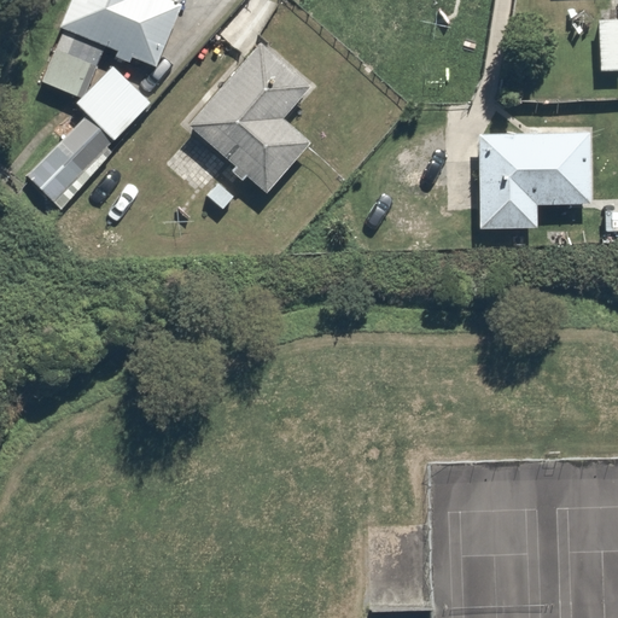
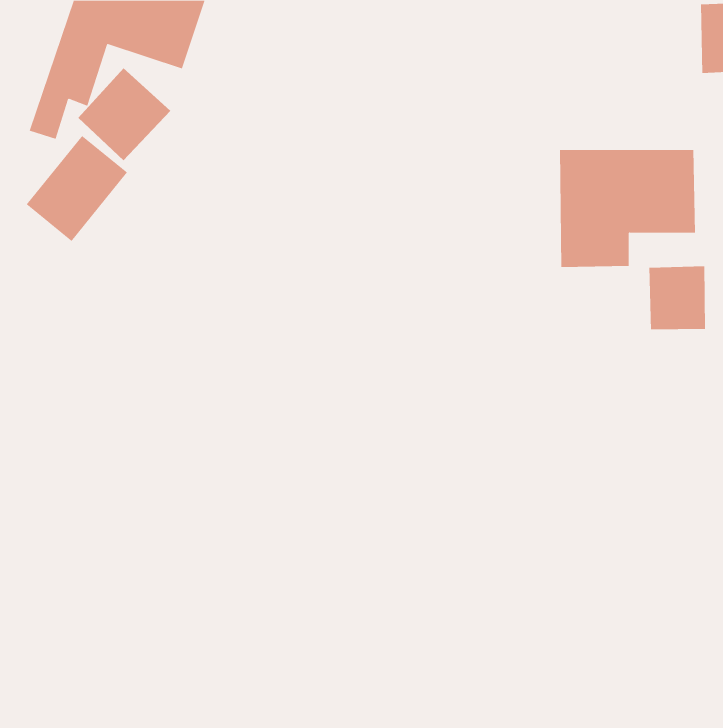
building: [186,42,310,190] -> none
building: none -> [649,266,705,330]

